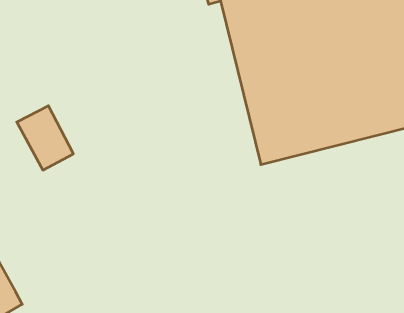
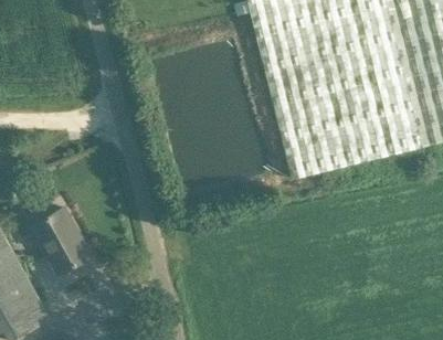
building: [17,106,73,170] -> [31,208,88,273]

